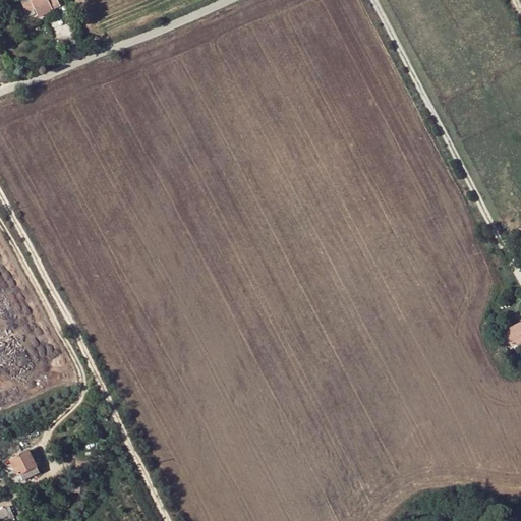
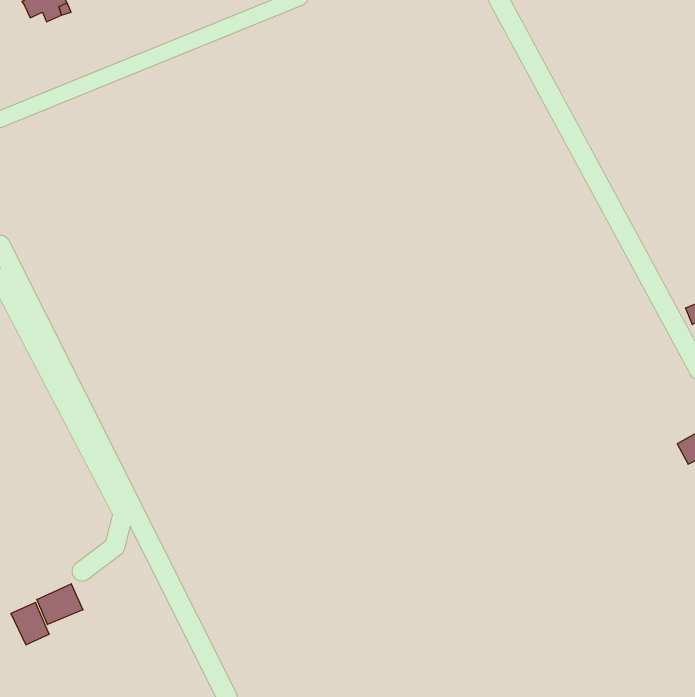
building: none -> [37,584,83,625]

